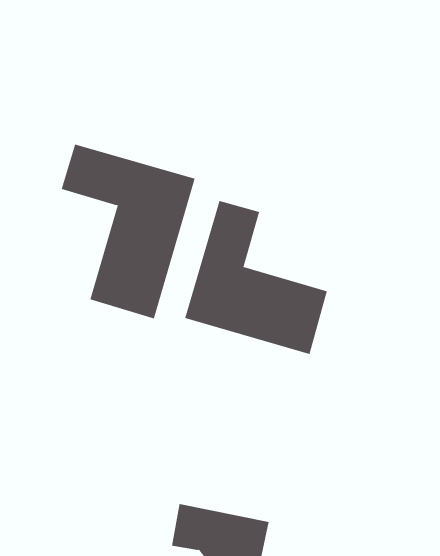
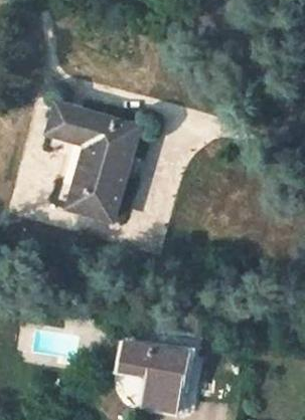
building: [185,200,328,355] -> none

